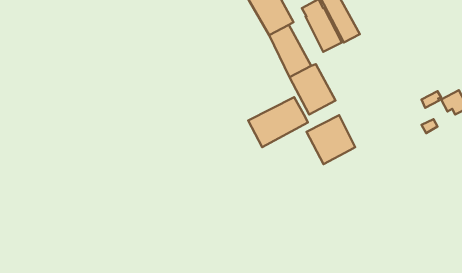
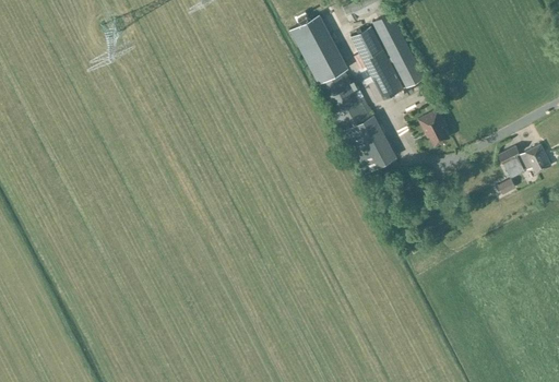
building: none -> [417,108,450,145]
building: [248,97,308,147] -> none
building: [307,115,355,164] -> none

